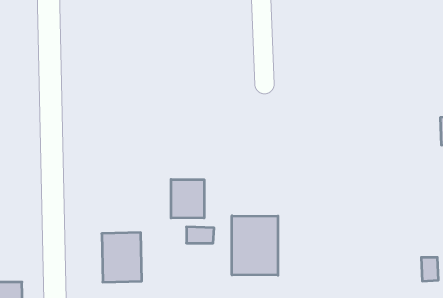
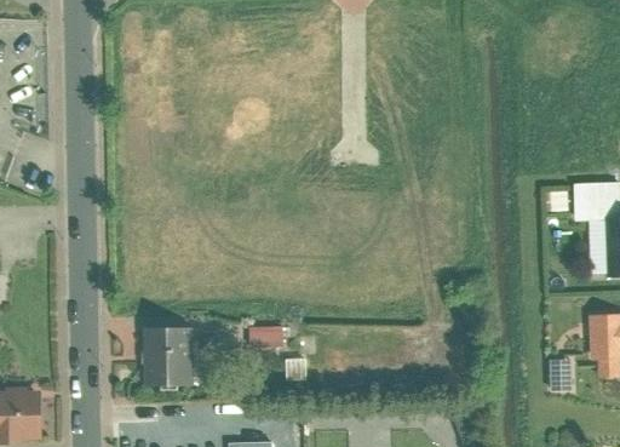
building: [171,179,204,218] -> none
building: [232,216,278,275] -> none

